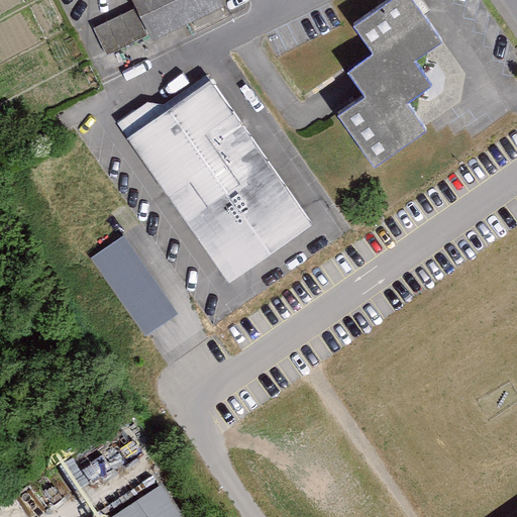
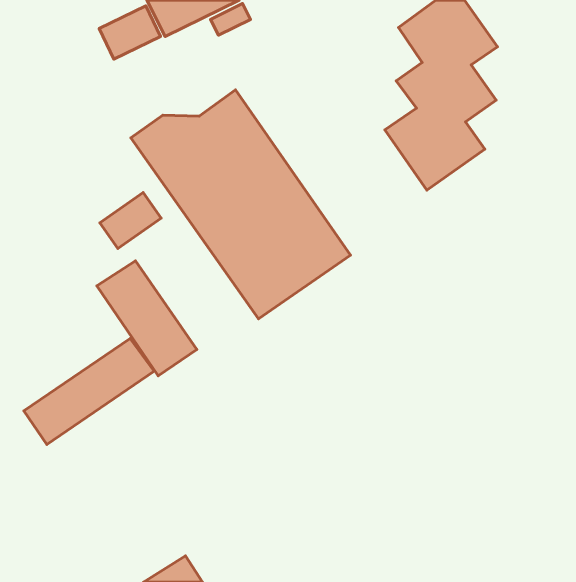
building: none -> [100,193,161,248]
building: none -> [24,339,154,444]

